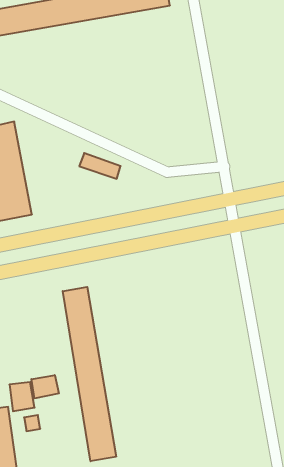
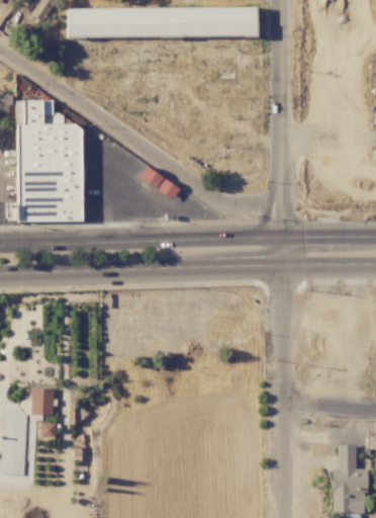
building: [63,287,116,461] -> none
building: [31,375,59,398] -> none

